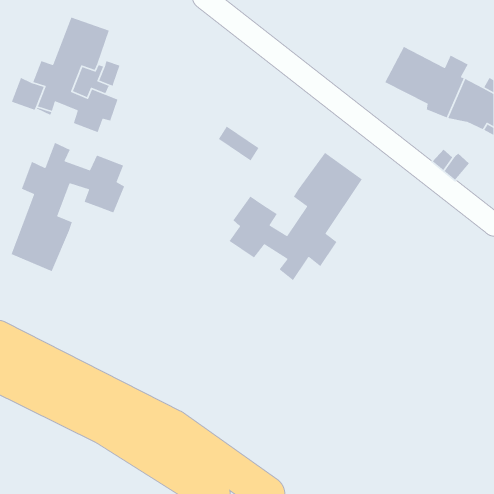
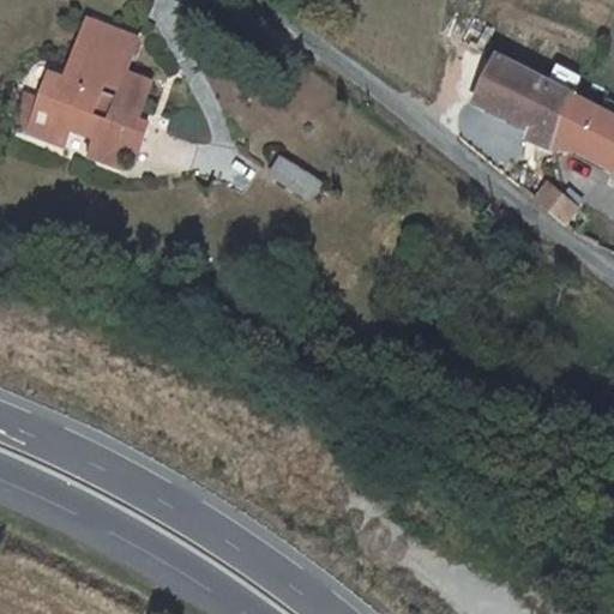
building: [10,142,125,272] -> none
building: [229,152,363,281] -> none

